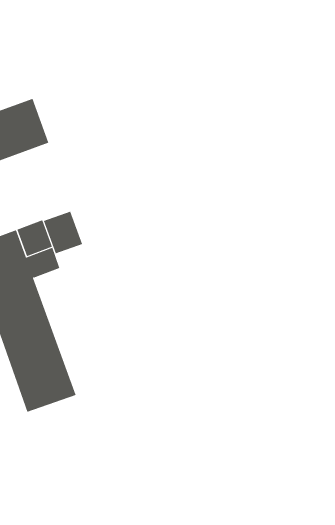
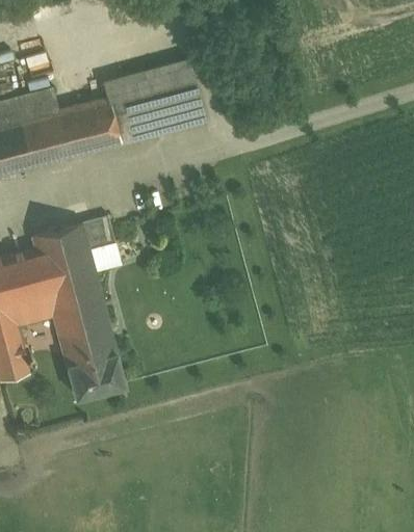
building: none -> [103,59,205,142]
building: [43,211,83,254] -> none

